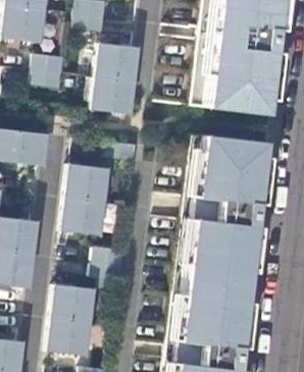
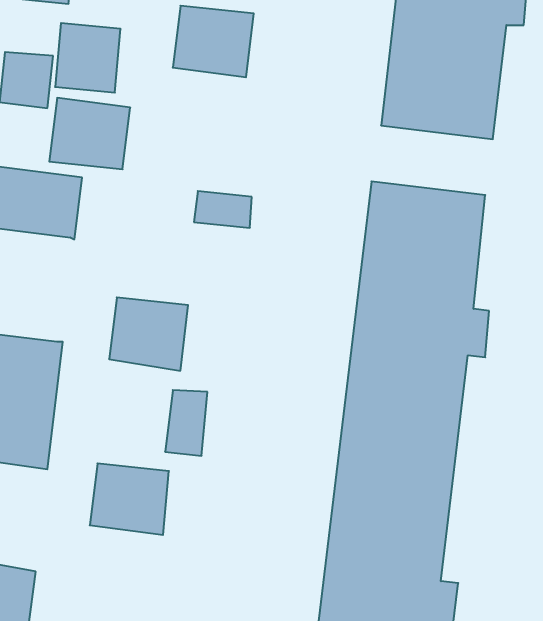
building: [93,75,136,113] -> [49,98,130,169]
building: [67,163,109,201] -> none
building: [49,317,92,355] -> none

